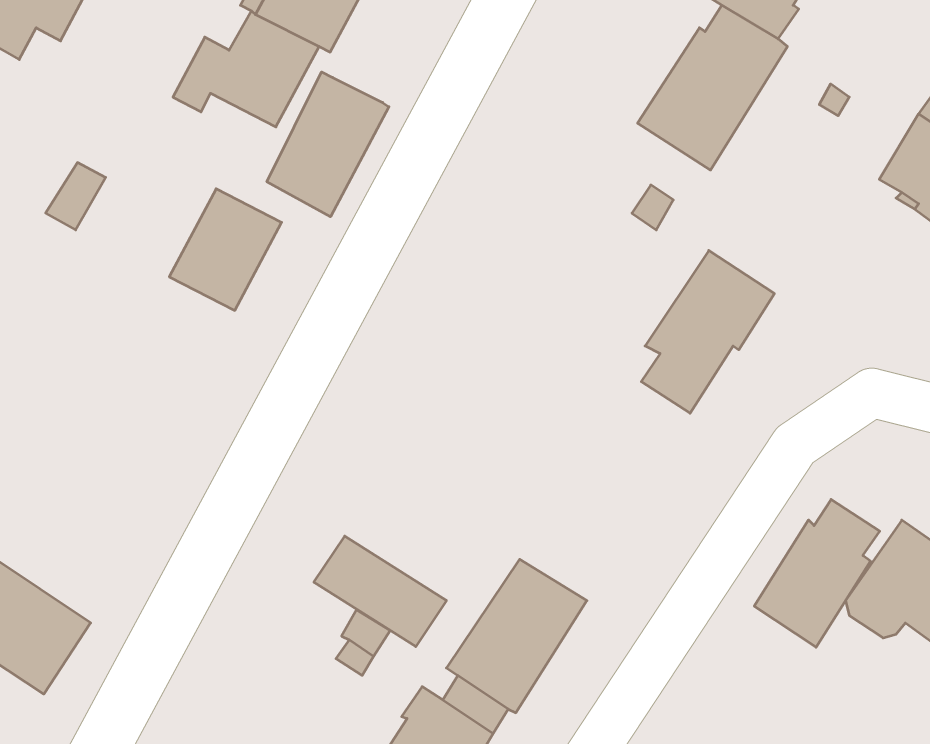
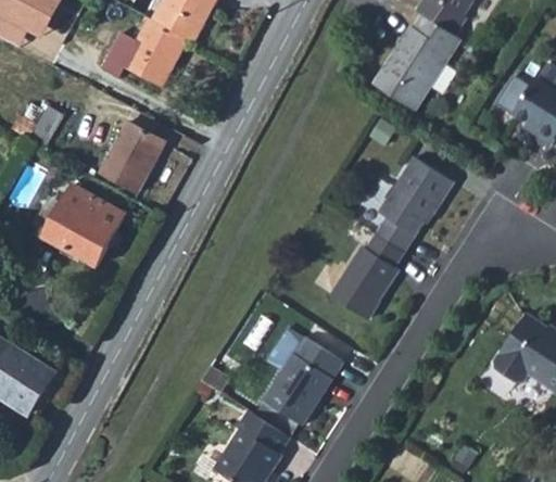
building: [267,72,389,217] -> none
building: none -> [46,186,125,265]
building: [754,499,880,647] -> [330,233,403,319]
building: [314,536,446,647] -> none

